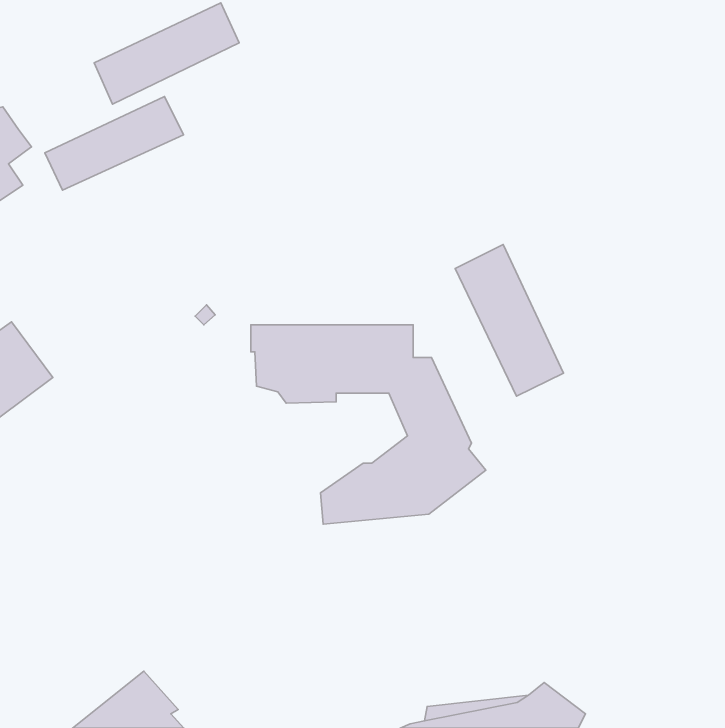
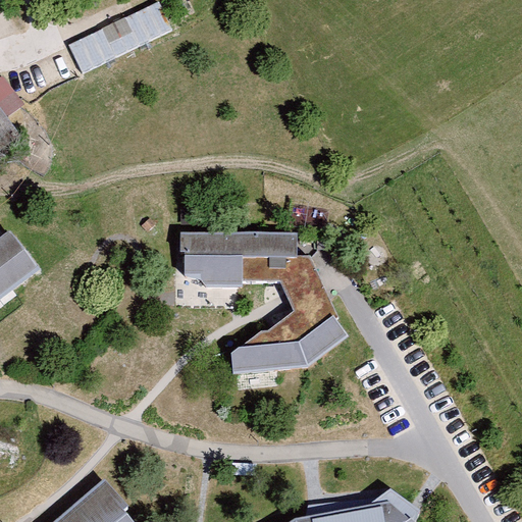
building: [45,96,183,190] -> none
building: [455,244,563,396] -> none

